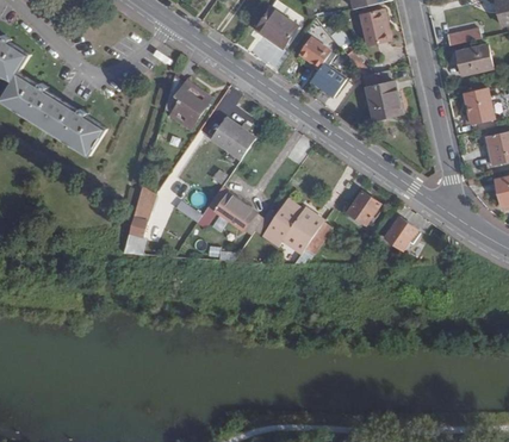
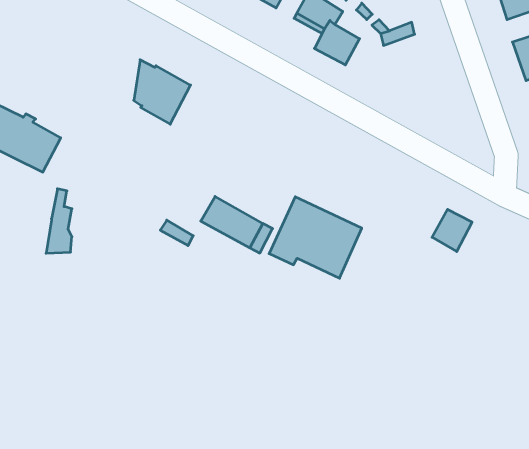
building: [367,83,404,123] -> none
building: [210,117,254,158] -> none
building: [346,191,379,224] -> none
building: [122,204,145,254] -> [46,189,72,253]

